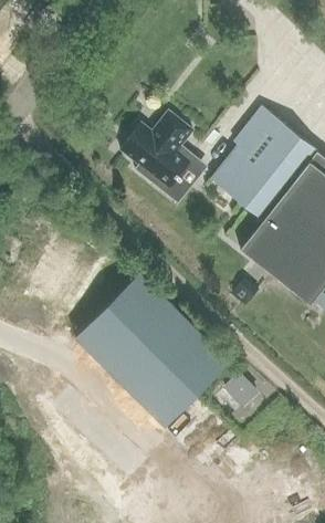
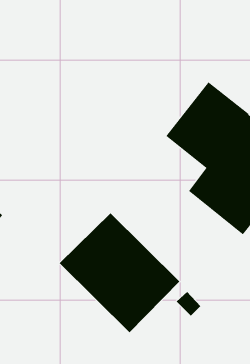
building: [120,112,192,197] -> none

